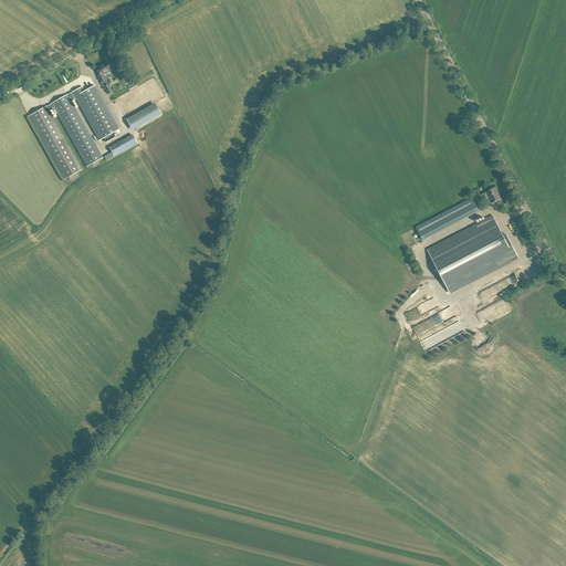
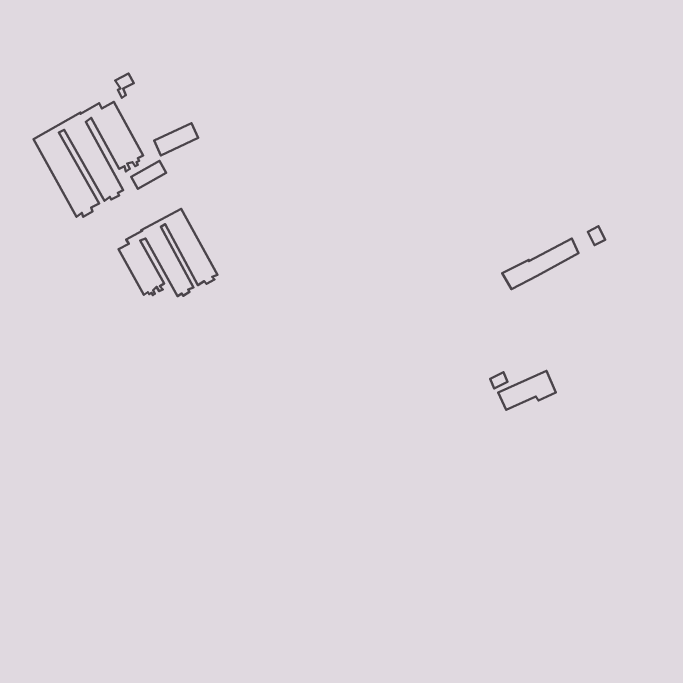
building: none -> [119,209,218,296]
building: [427,214,517,292] -> none

